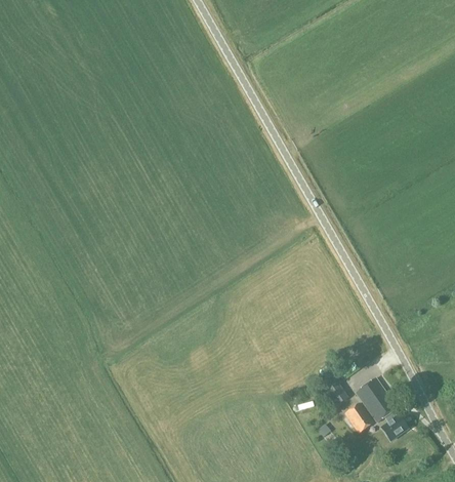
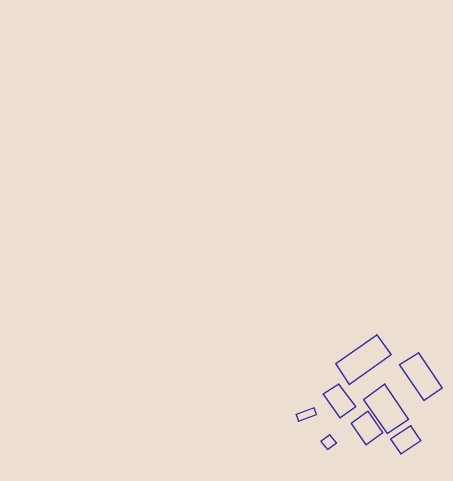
building: none -> [336,335,391,385]
building: none -> [399,353,442,401]

